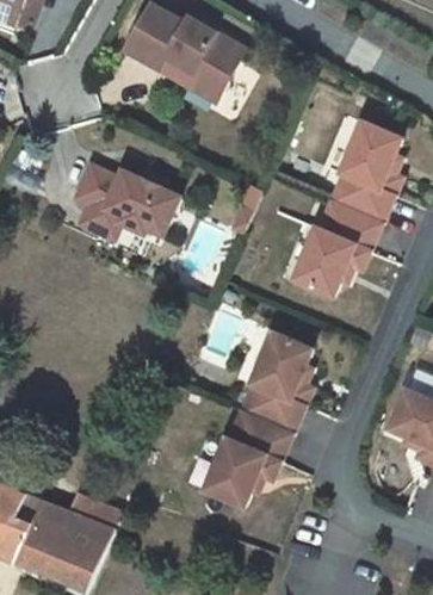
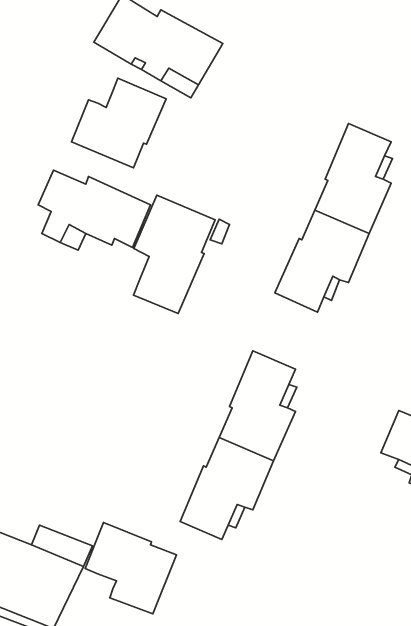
building: none -> [72,78,166,168]
building: none -> [133,195,215,314]
building: none -> [85,522,176,614]

